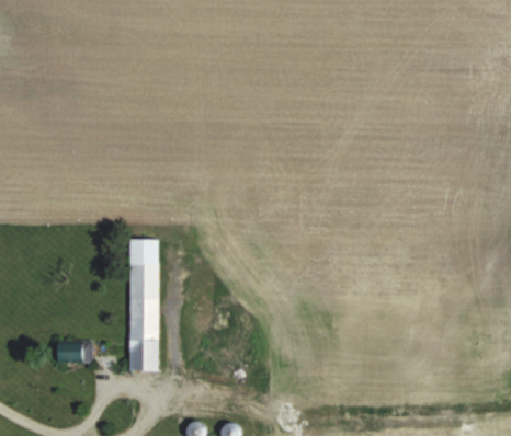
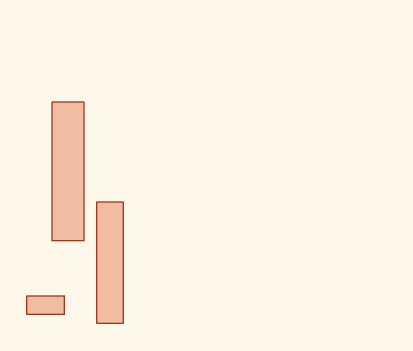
building: none -> [52,102,84,241]

